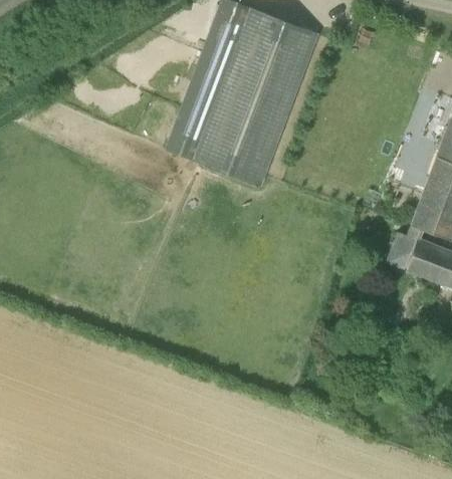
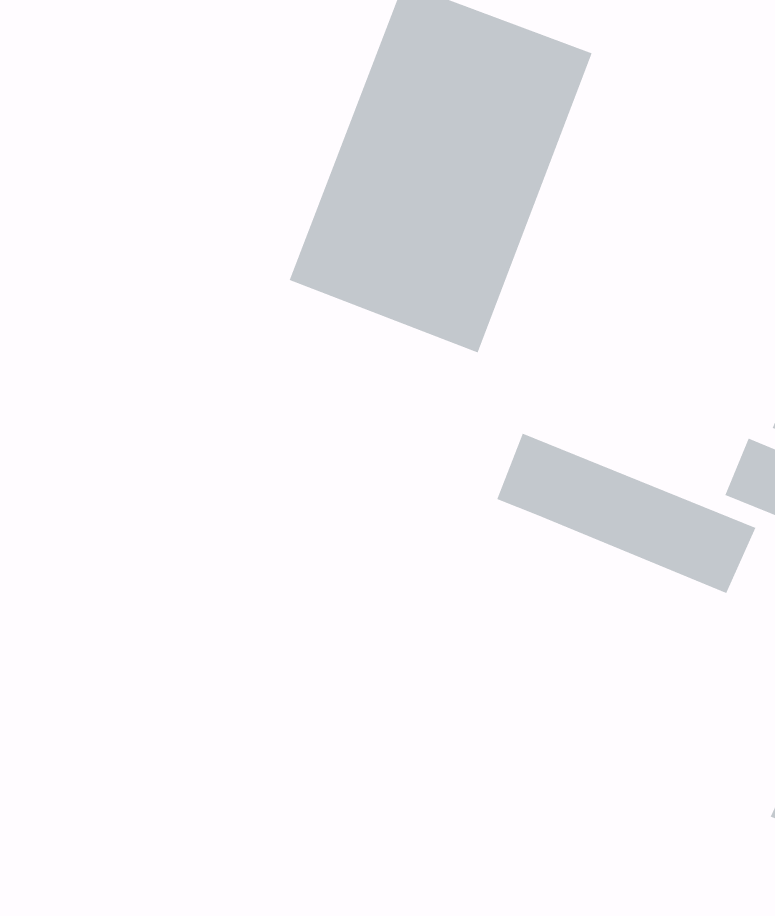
building: none -> [496,433,756,594]

